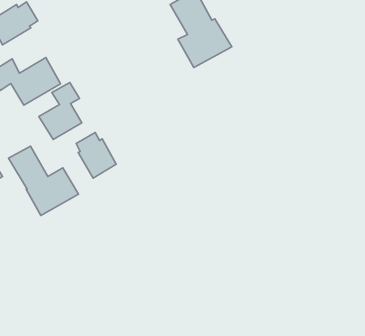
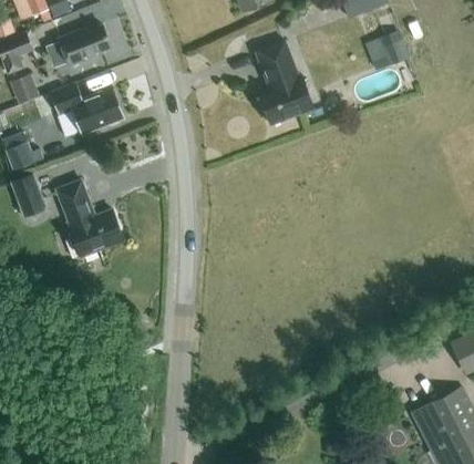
building: [39,83,82,139] -> none
building: [76,132,116,178] -> none

